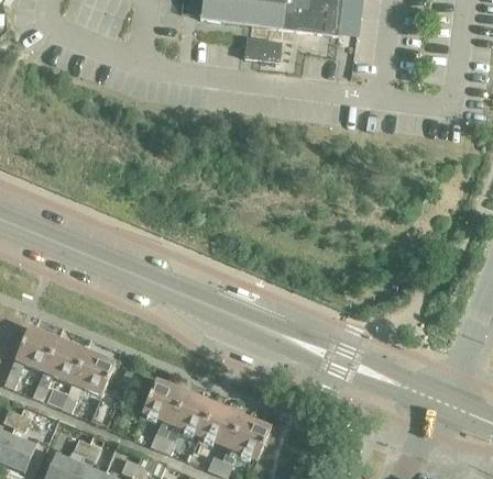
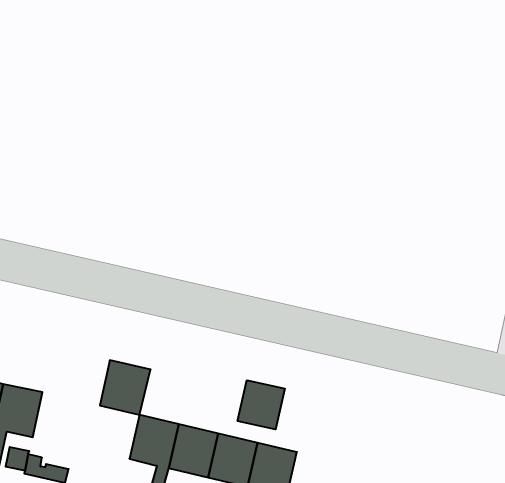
building: [73,349,116,394] -> [100,360,151,415]
building: none -> [238,380,285,429]

